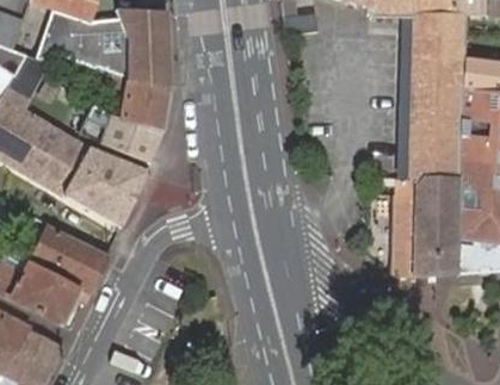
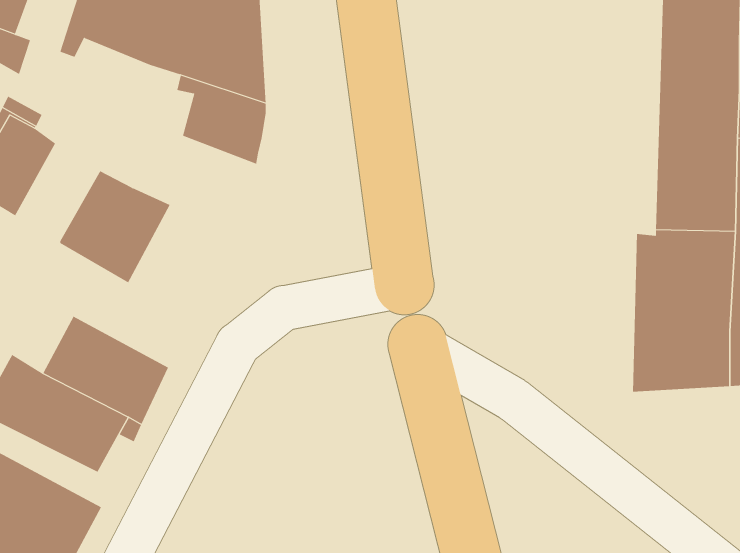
building: [76,103,162,163] -> none
building: [12,118,64,179] -> none
building: [82,156,147,228] -> none

